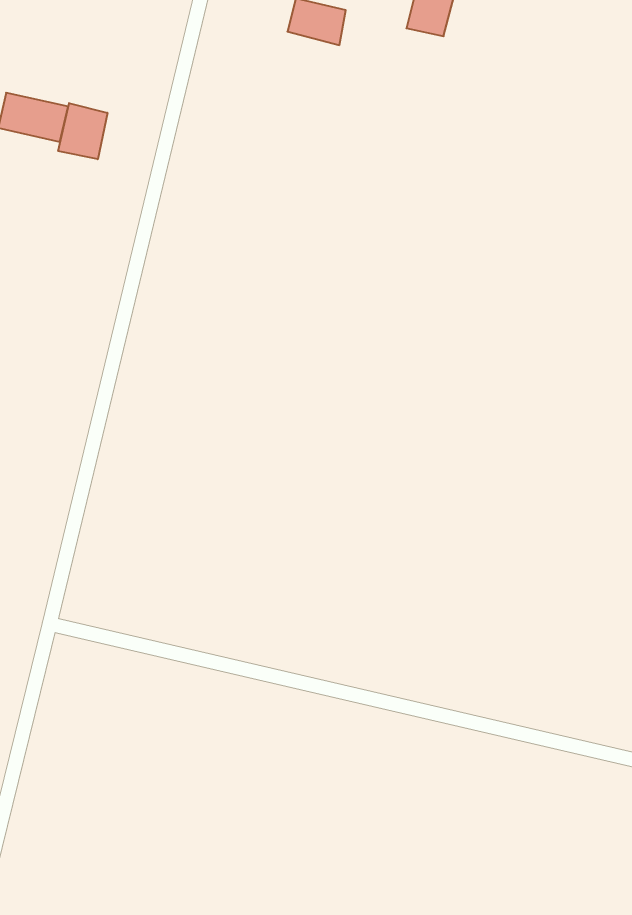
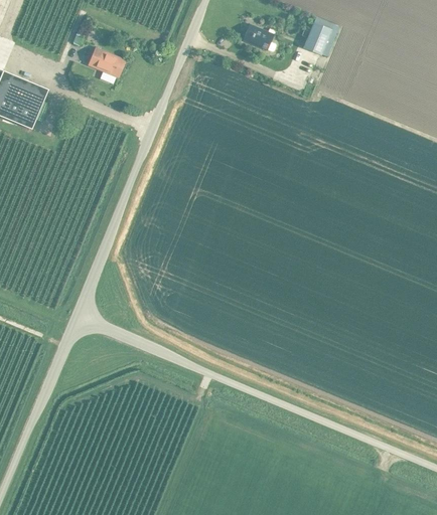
building: [58,103,107,159] -> none

